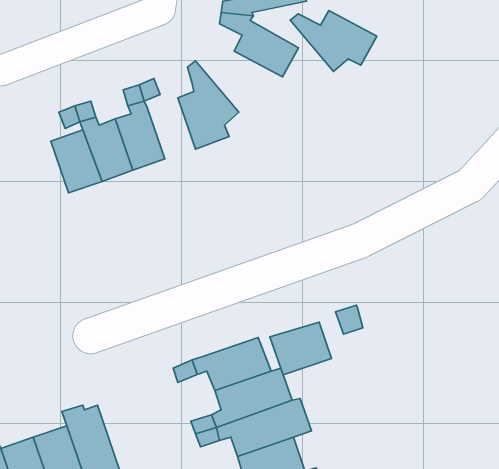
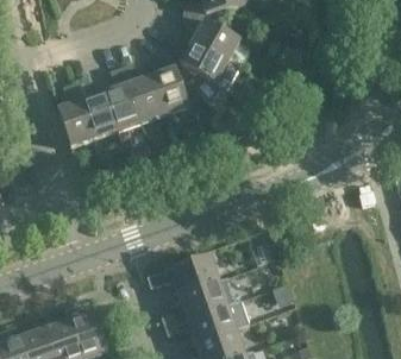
building: [290,11,377,72] -> [164,42,228,87]
building: none -> [129,76,164,121]
building: [270,322,331,375] -> none

